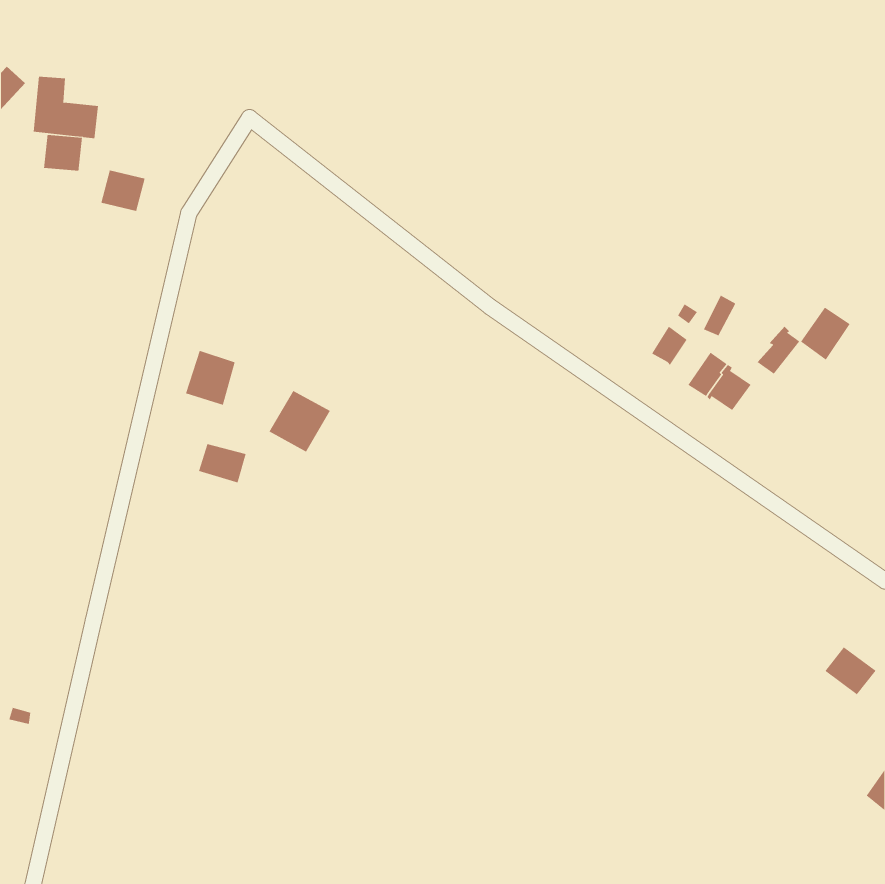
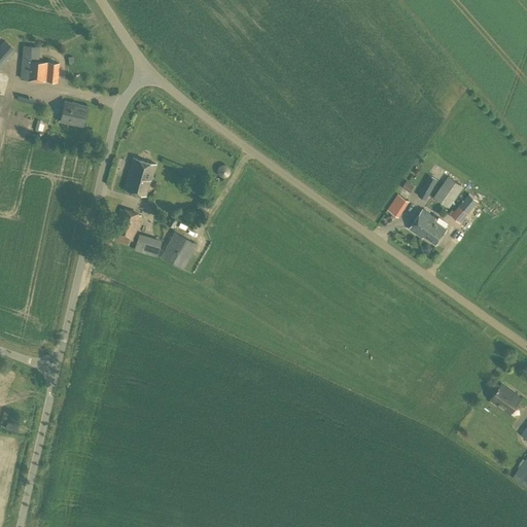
building: [43,134,83,172] -> none
building: none -> [124,157,155,197]
building: [800,307,850,361] -> [433,177,463,209]
building: [198,443,247,483] -> [133,234,162,257]

